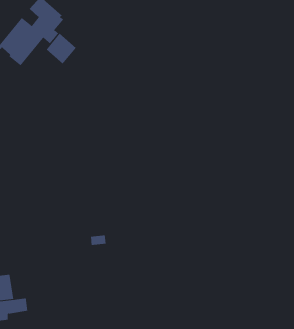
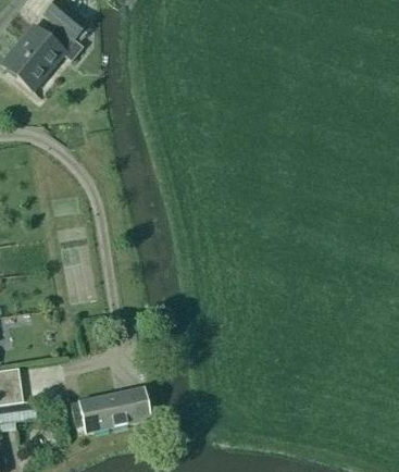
building: [46,33,76,65] -> none
building: none -> [72,387,150,433]

